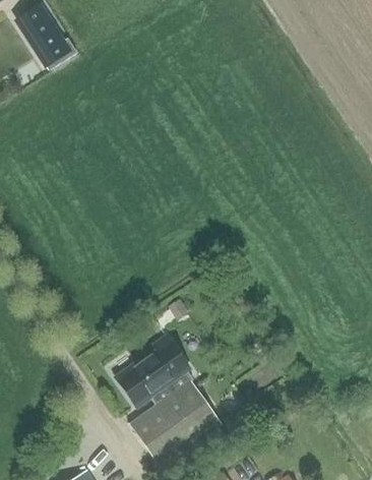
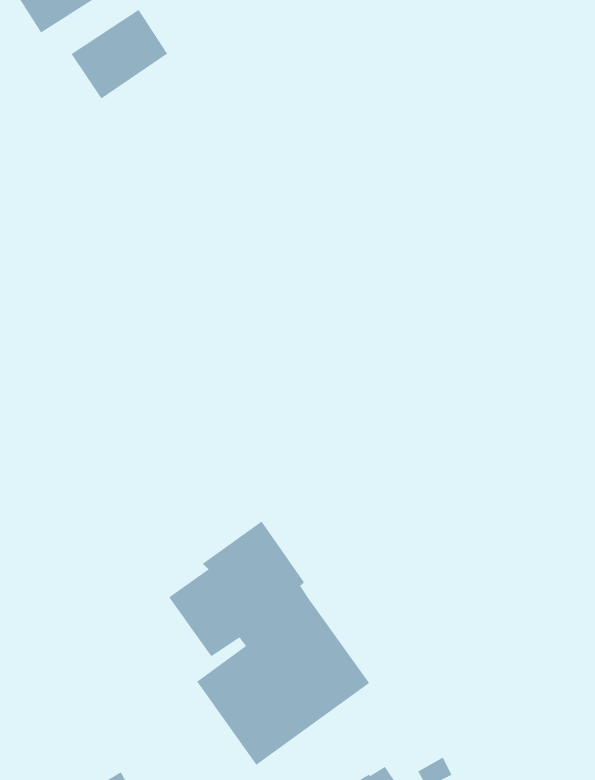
building: none -> [70,9,168,100]

